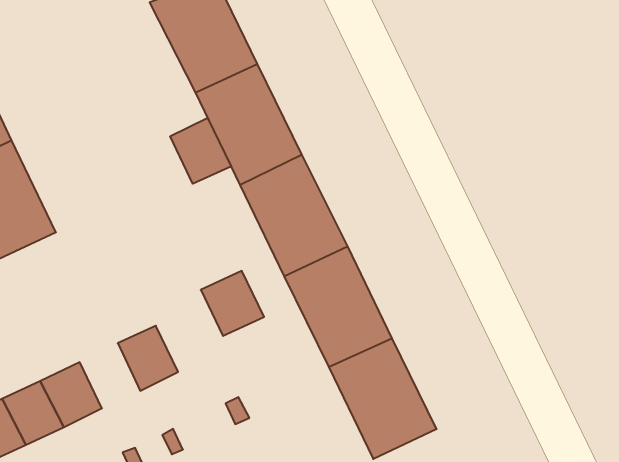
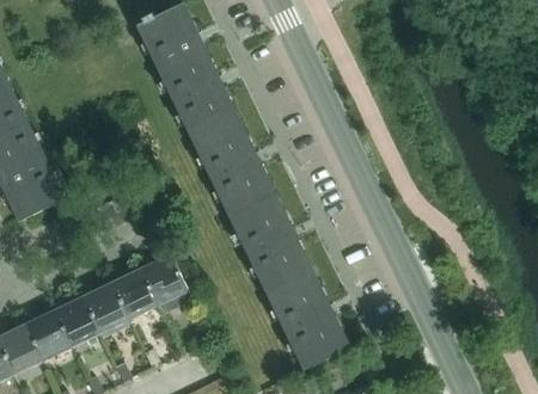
building: [170,118,231,184] -> none
building: [201,271,264,336] -> [140,256,188,304]
building: none -> [82,283,128,332]

